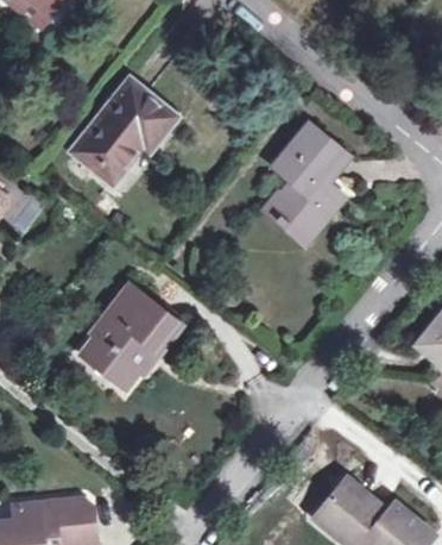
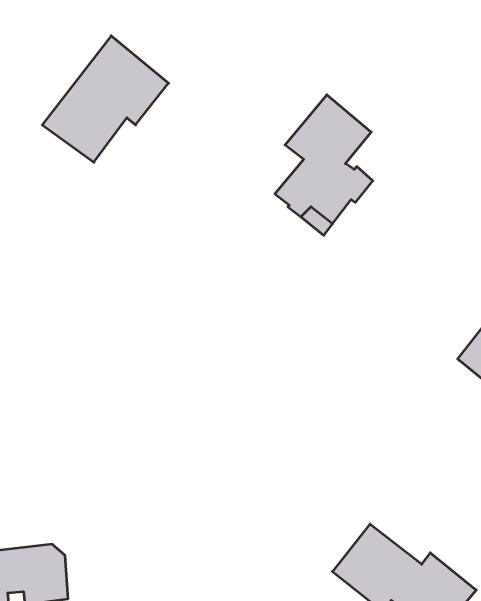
building: [83,284,178,384] -> none

